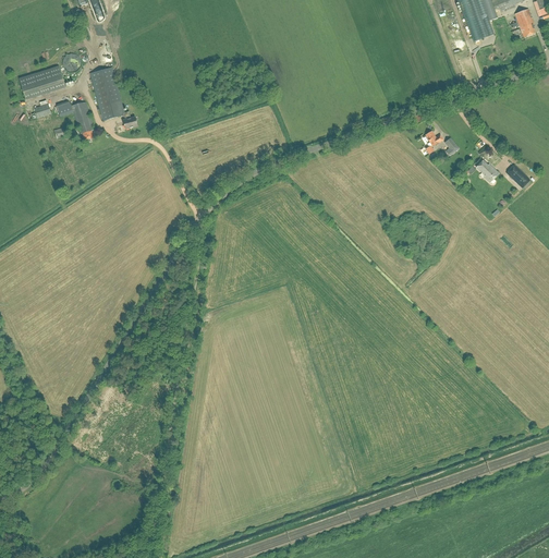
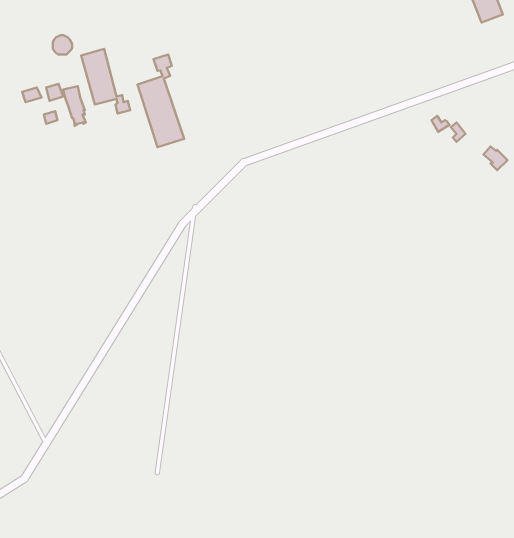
building: [19,64,65,98] -> none
building: none -> [137,55,184,147]

